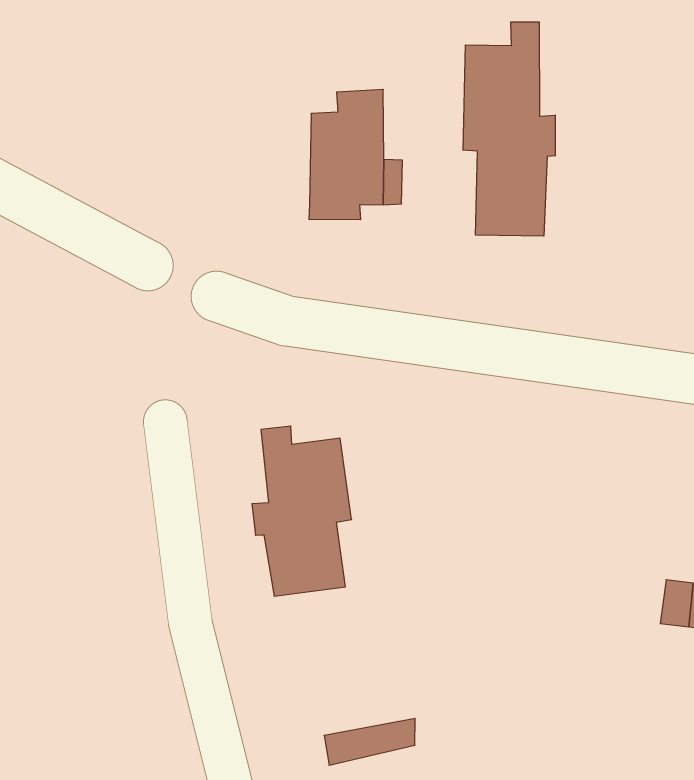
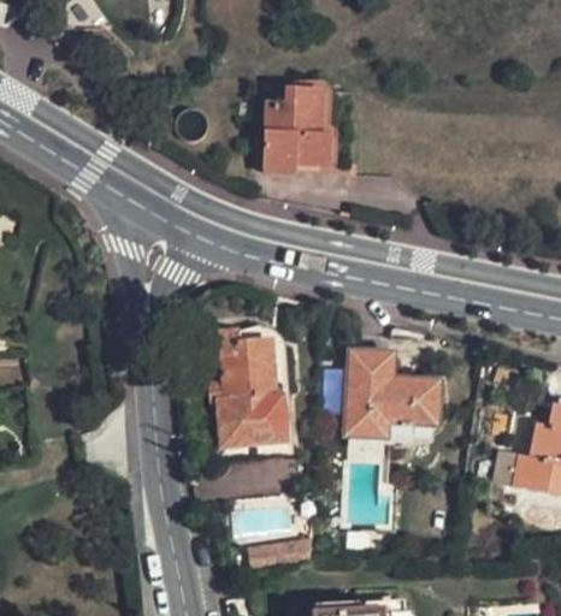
building: [463,22,555,236] -> none
building: none -> [349,350,438,460]

